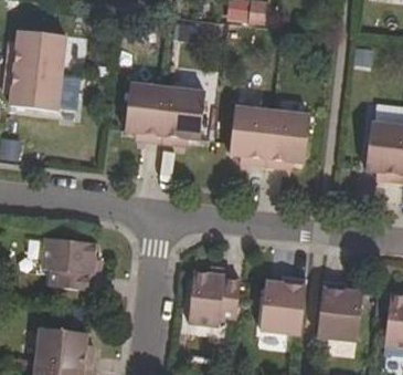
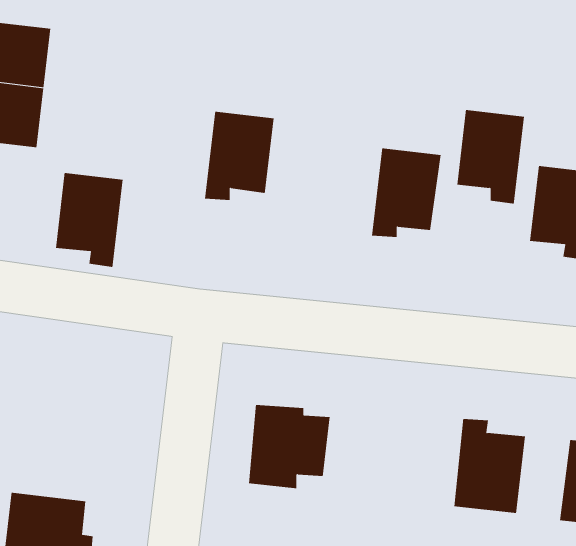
building: [125,83,168,143] -> [55,172,124,267]
building: [230,106,273,166] -> [456,109,525,204]
building: [42,238,96,290] -> none
building: [261,277,307,334] -> none

